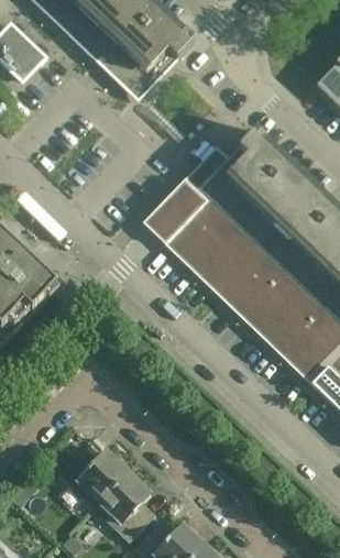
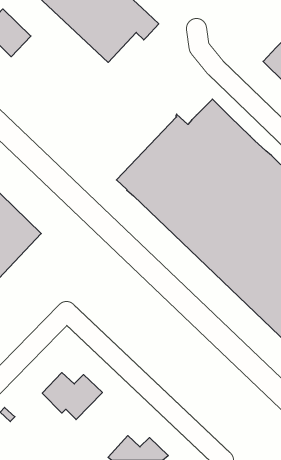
building: [97,471,152,541] -> none

